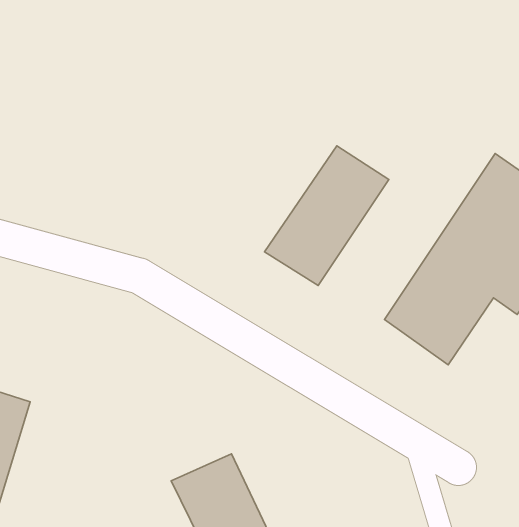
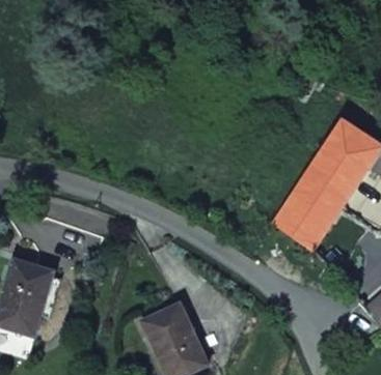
building: [264,146,389,285] -> none

